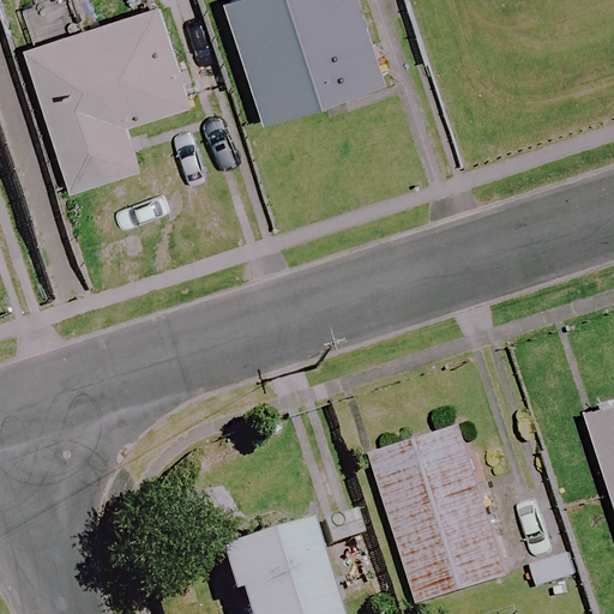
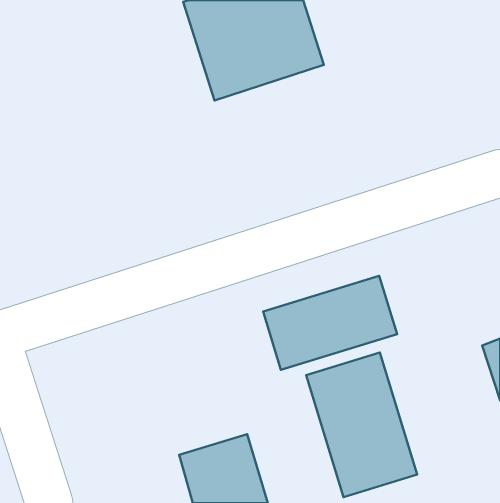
building: [24,7,188,191] -> none
building: none -> [263,276,397,370]

